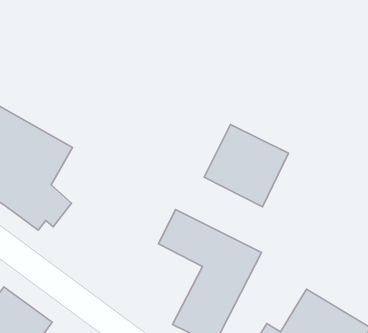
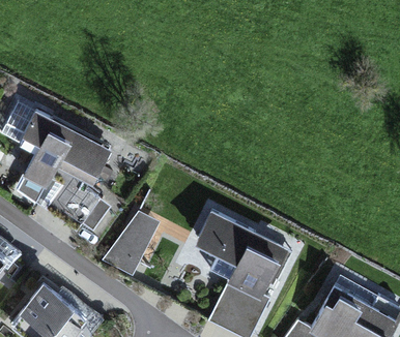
building: [204,124,288,207] -> none
building: none -> [103,211,159,272]

